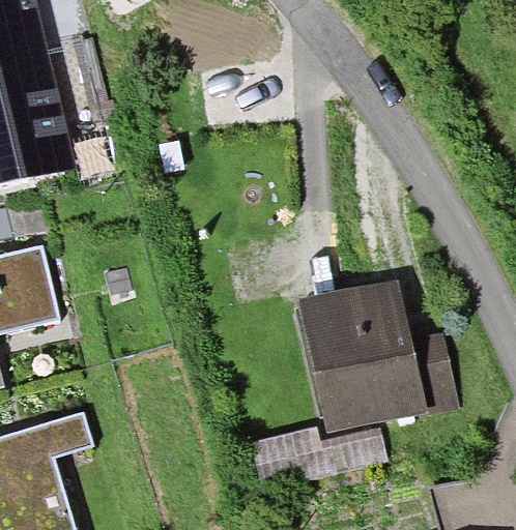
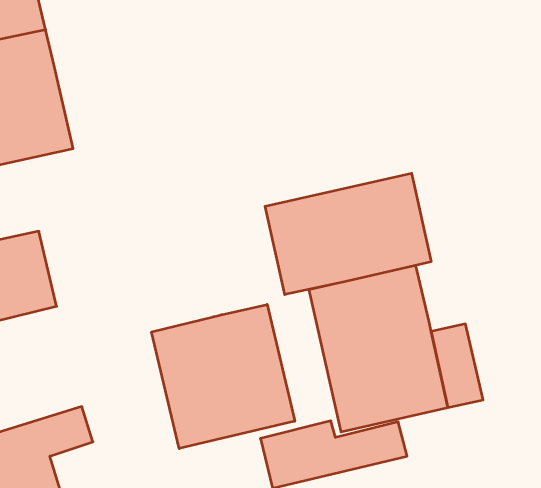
building: none -> [265,173,431,295]
building: none -> [152,304,295,449]

